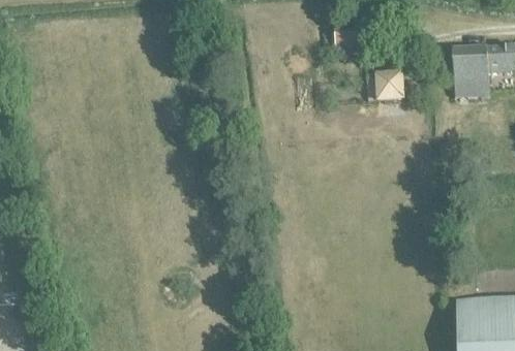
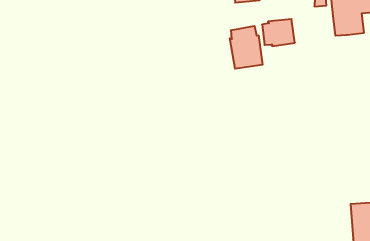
building: none -> [230,26,263,69]

